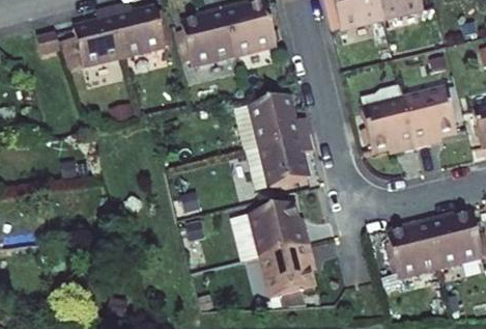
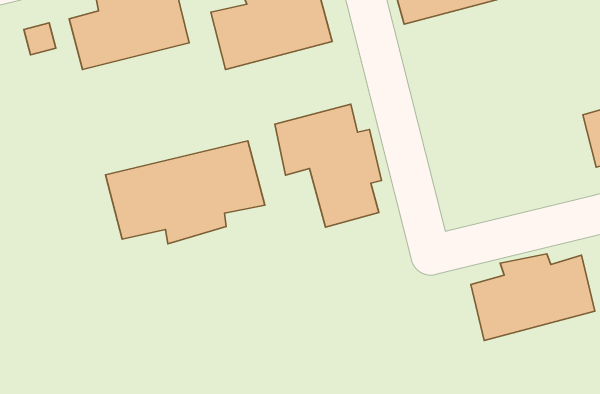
building: [362,81,456,148] -> none
building: none -> [105,141,265,244]
building: [249,202,315,298] -> none

